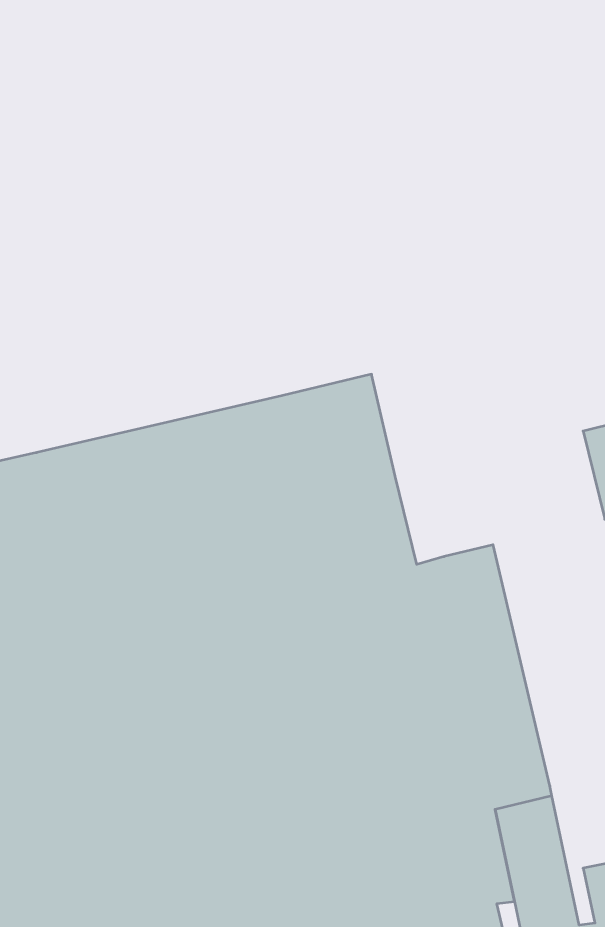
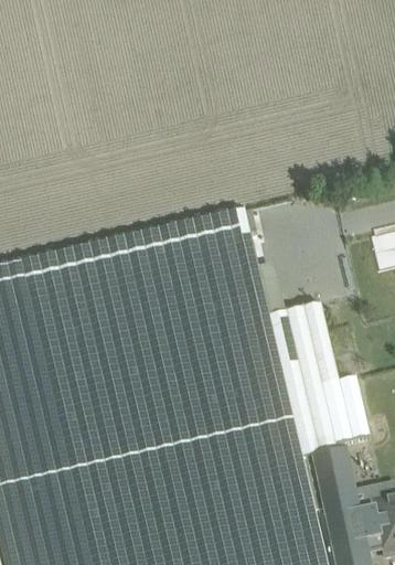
building: none -> [312,309,370,446]

